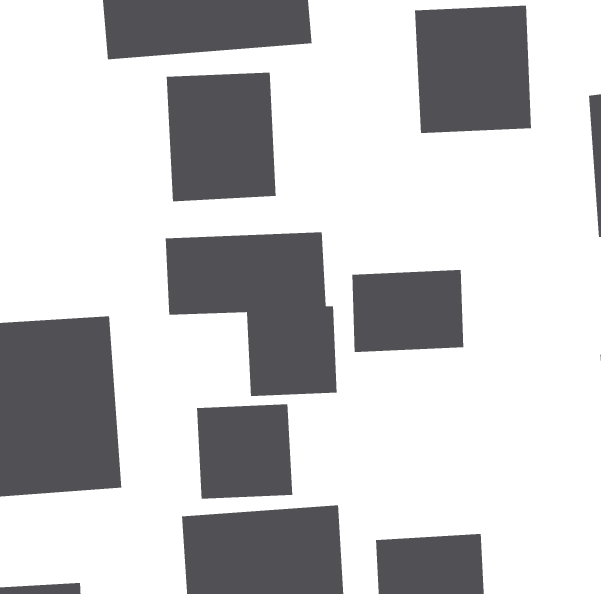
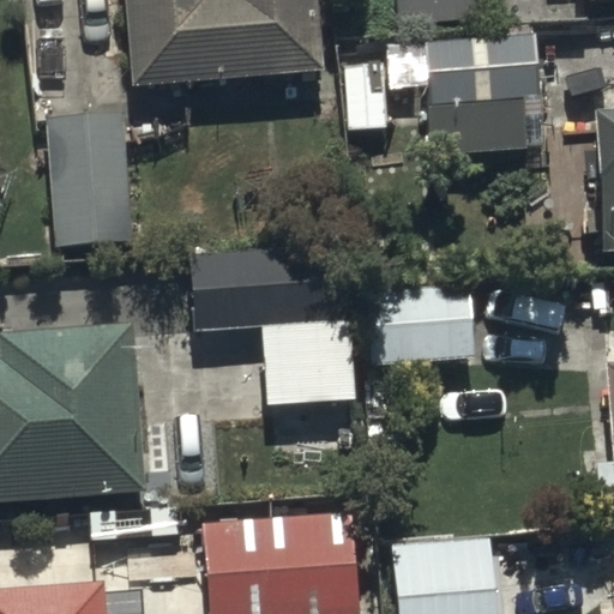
building: [166,72,276,202] -> none
building: none -> [44,115,134,242]
building: [196,403,293,499] -> none

